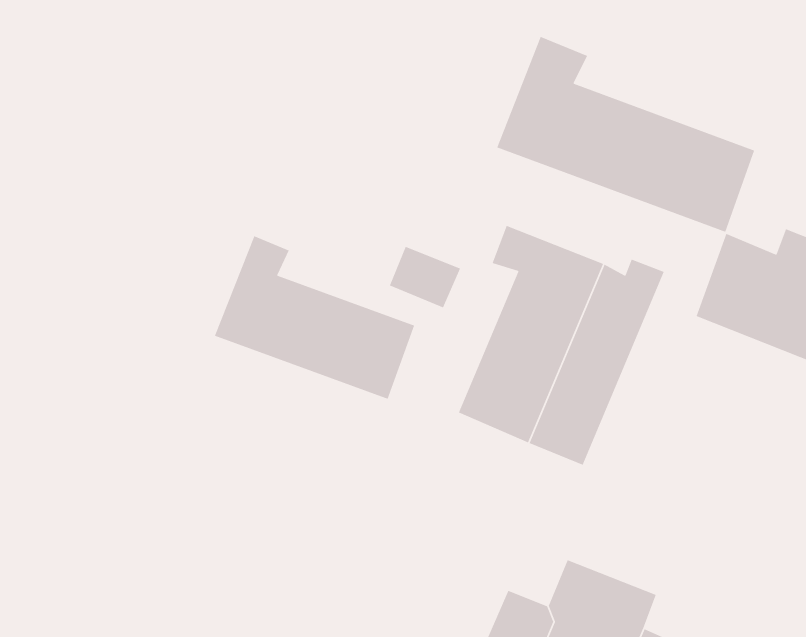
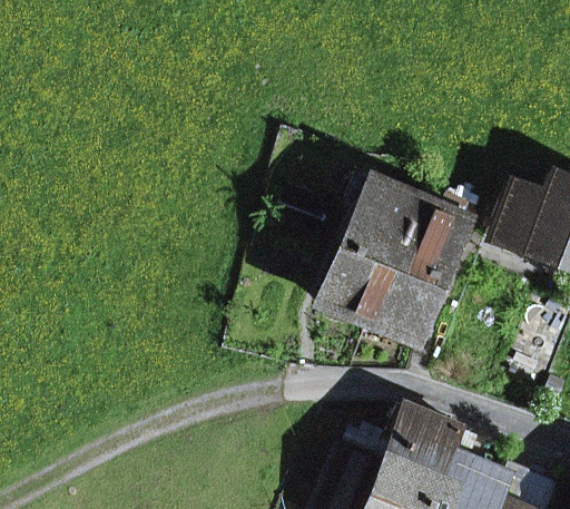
building: [496,36,755,233] -> none
building: [214,235,415,400] -> none

